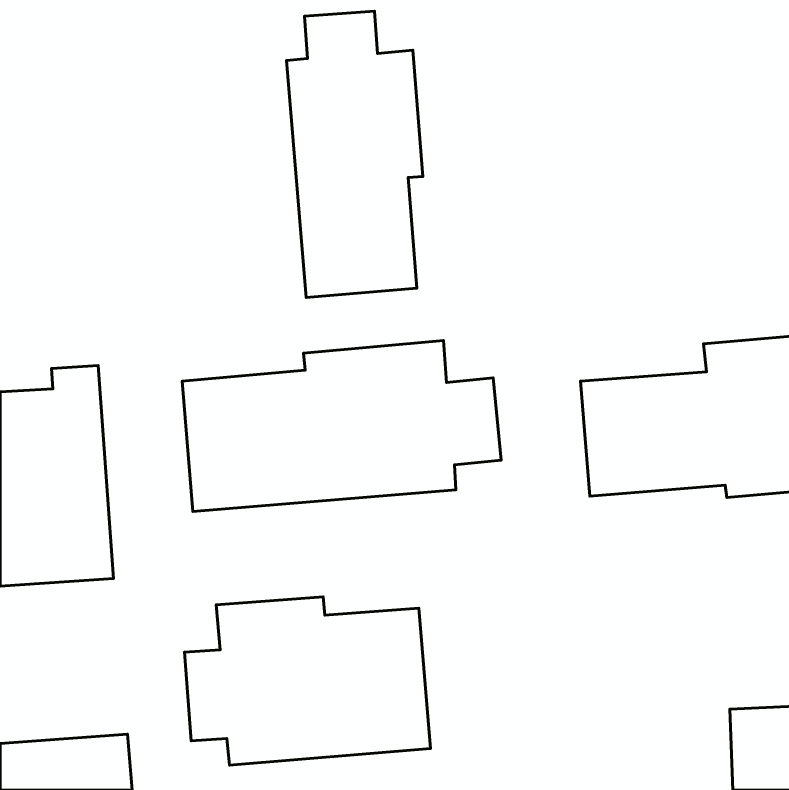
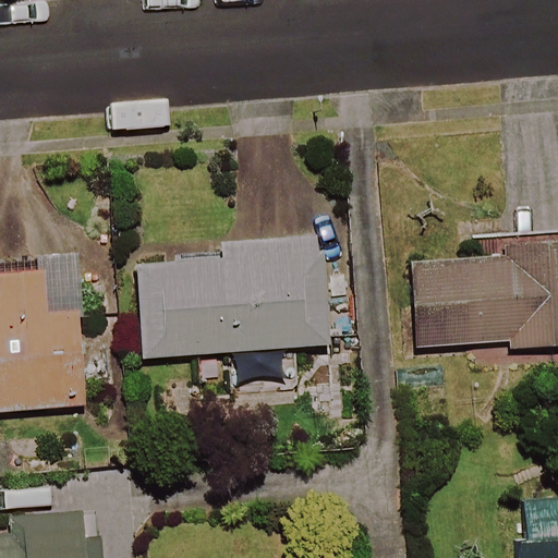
building: [286,11,423,298] -> none
building: [184,597,430,765] -> none

